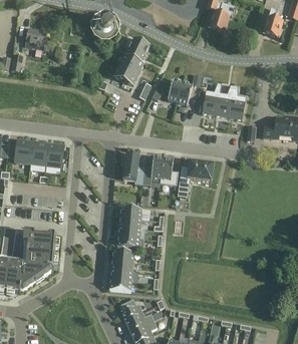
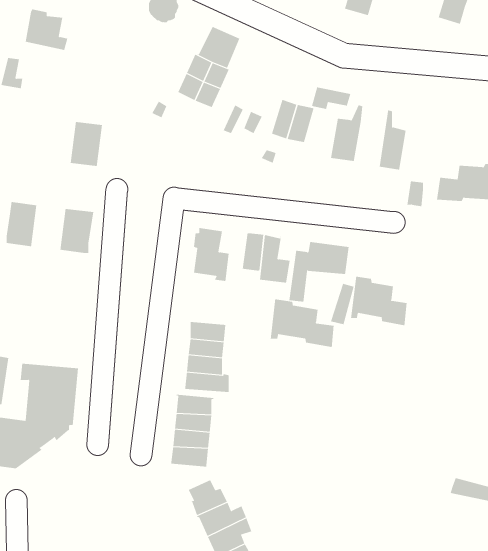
building: [216,85,235,118] -> none
building: [29,140,48,166] -> [70,121,103,167]
building: none -> [351,276,407,326]
building: none -> [270,299,334,348]

